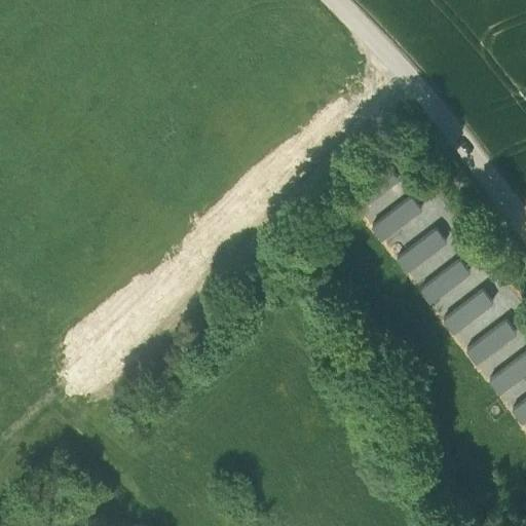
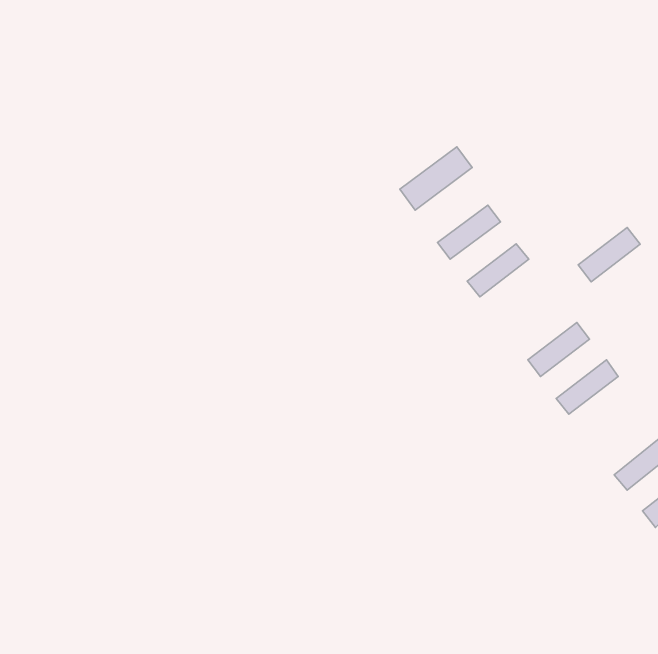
building: none -> [400,147,472,210]
building: [398,230,447,273] -> [578,228,640,282]
building: [467,322,517,365] -> none

